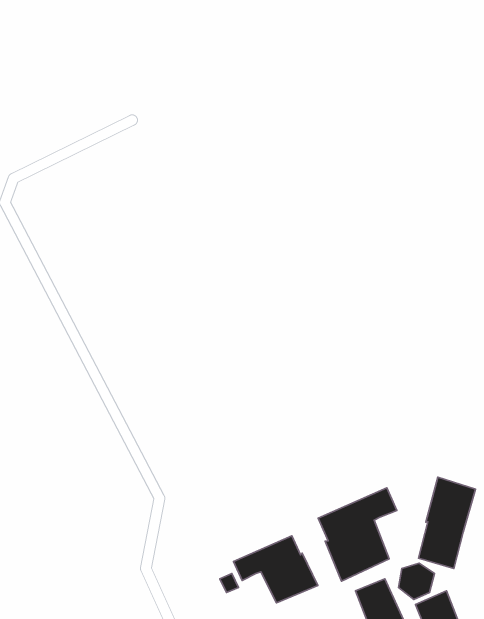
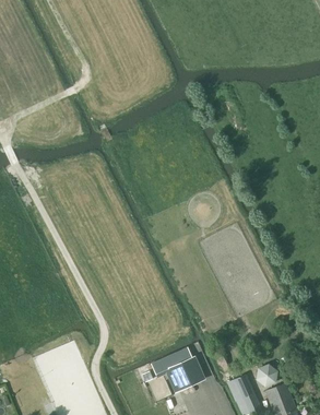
building: [418,477,475,568] -> none
building: [318,488,397,581] -> none

